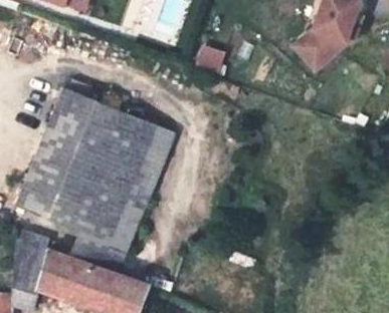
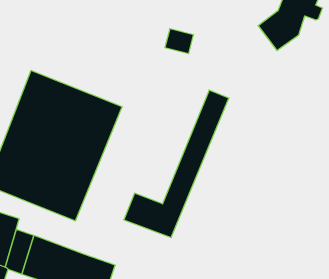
building: [68,125,175,275] -> [124,90,229,238]

